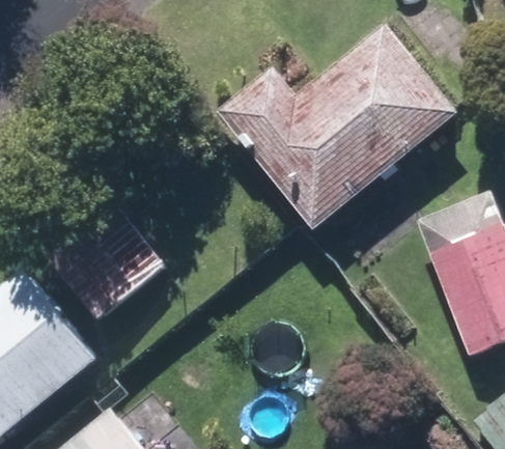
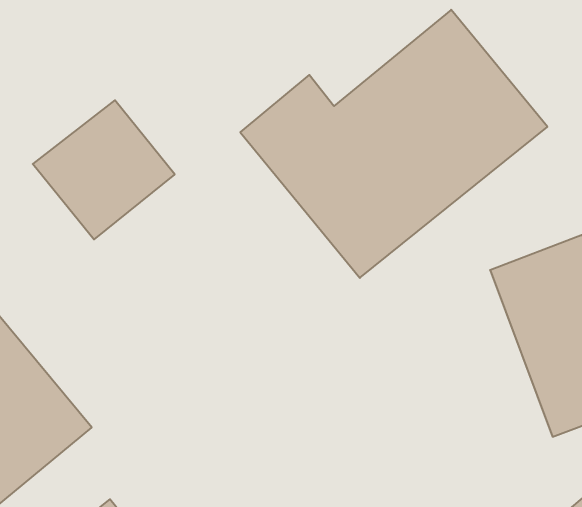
building: [49,209,162,320] -> [33,100,175,239]

